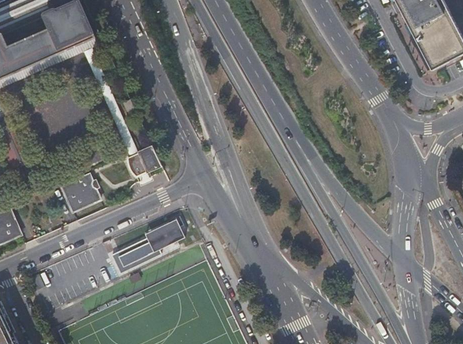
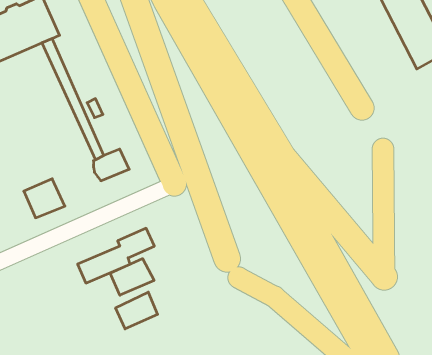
building: none -> [110,259,154,295]
building: none -> [116,292,158,329]

